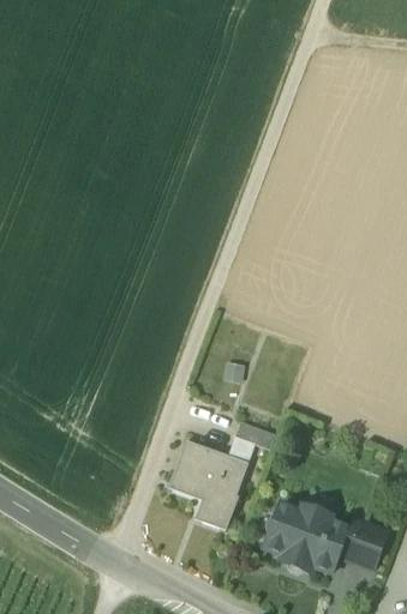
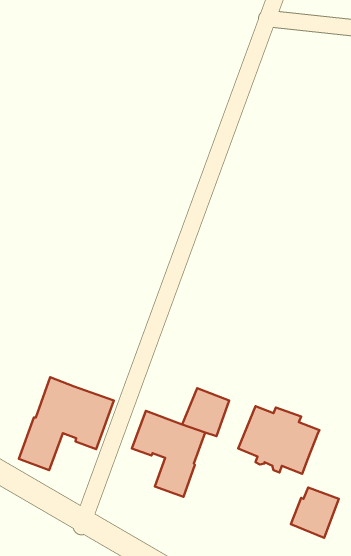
building: none -> [19,377,114,470]
building: [263,504,348,574] -> [238,406,319,474]

